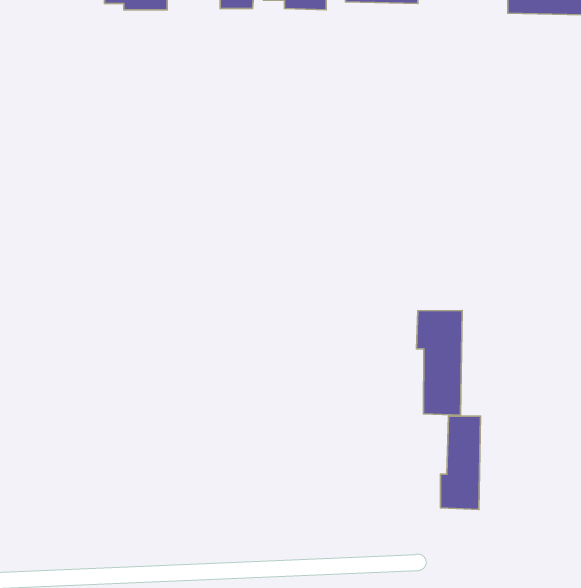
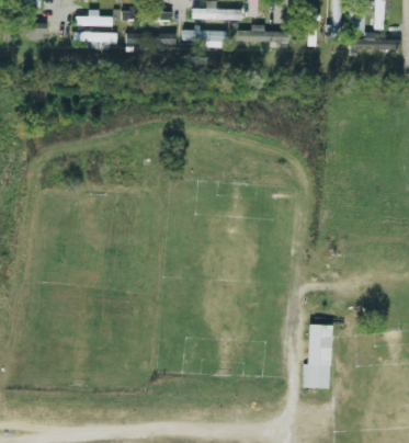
building: [417,311,462,415] -> none

